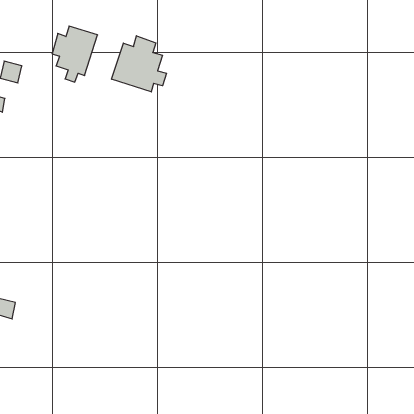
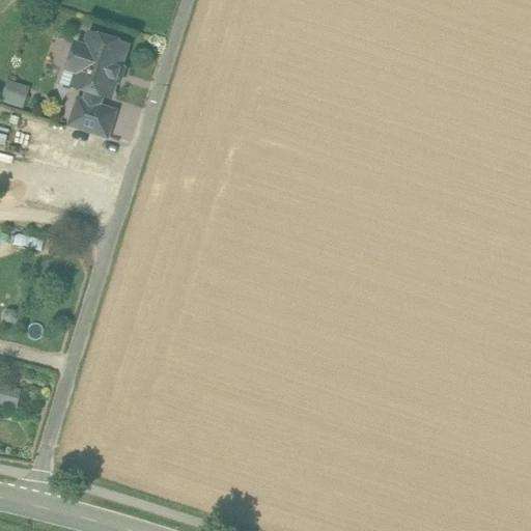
building: [112,36,167,92] -> none
building: none -> [69,100,112,135]

